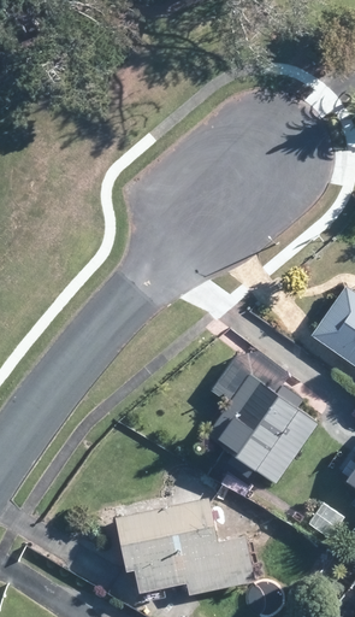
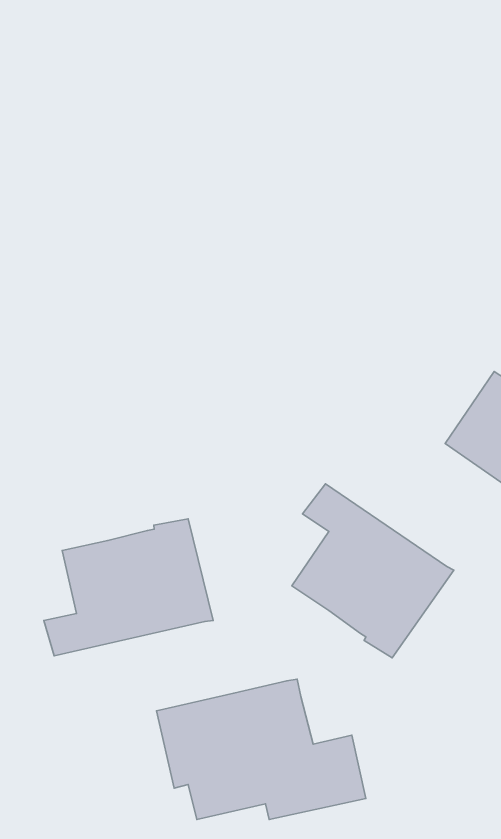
building: none -> [44,519,213,656]

